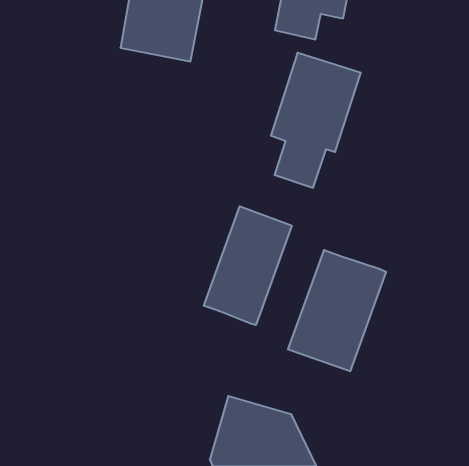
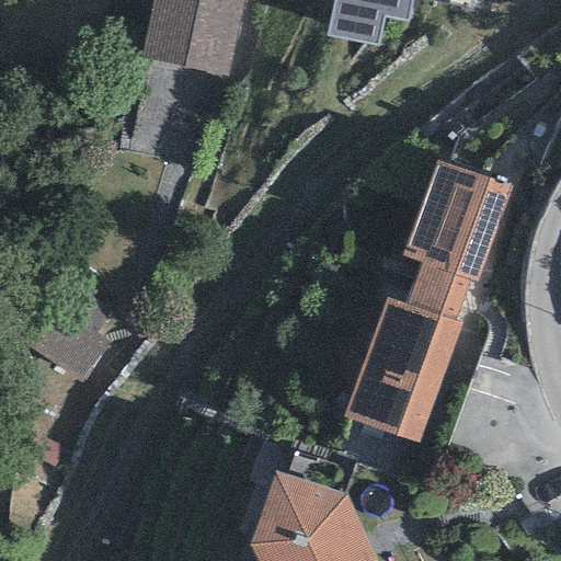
building: [271,53,361,188] -> [403,160,511,321]
building: [204,206,292,325] -> none

